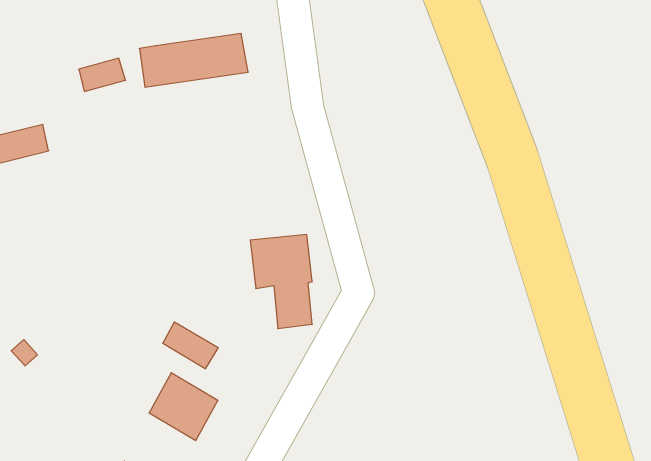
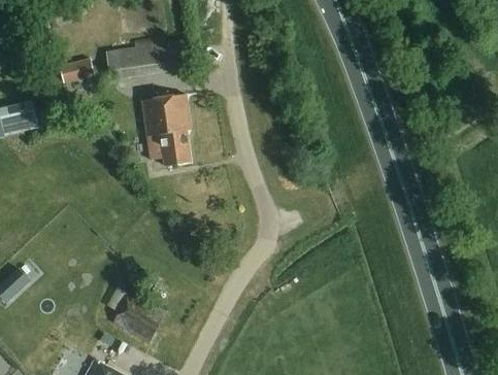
building: [250,235,312,328] -> [142,95,189,165]
building: [163,322,218,369] -> none

